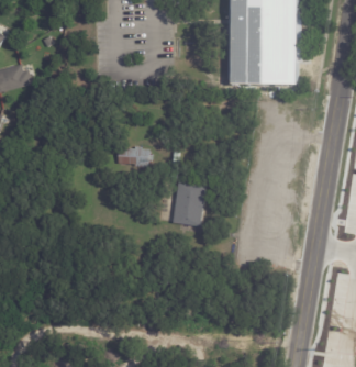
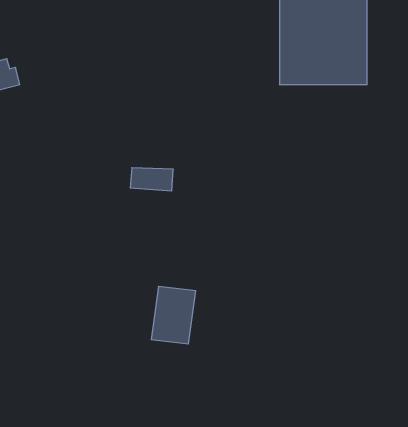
building: [173,185,207,229] -> [151,286,196,344]

